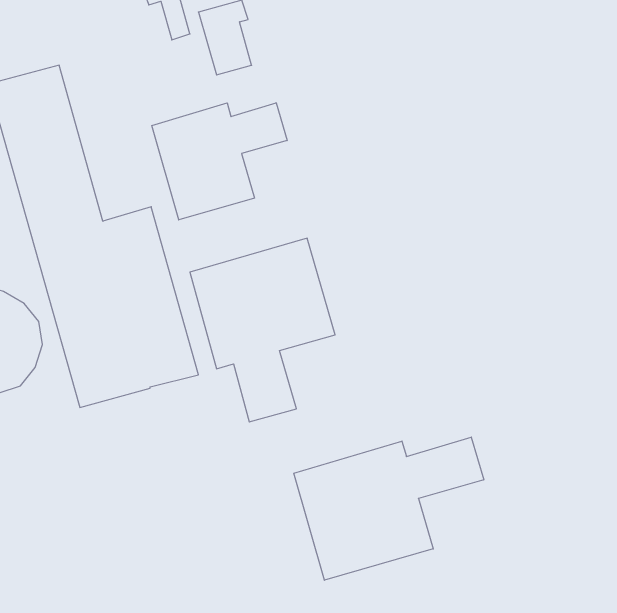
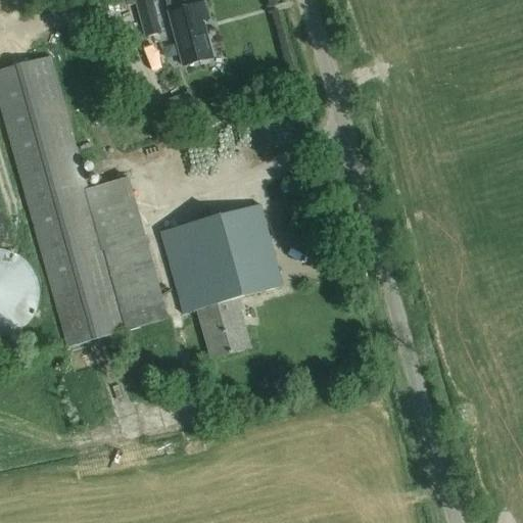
building: [152,103,287,220] -> none
building: [294,437,484,580] -> none

